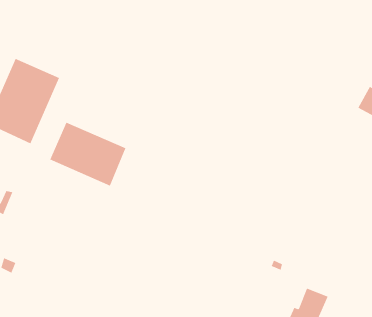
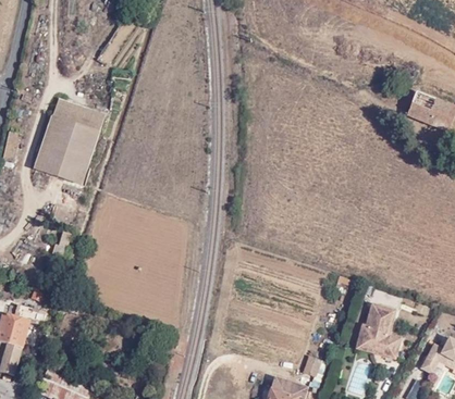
building: [49,122,126,186] -> none

